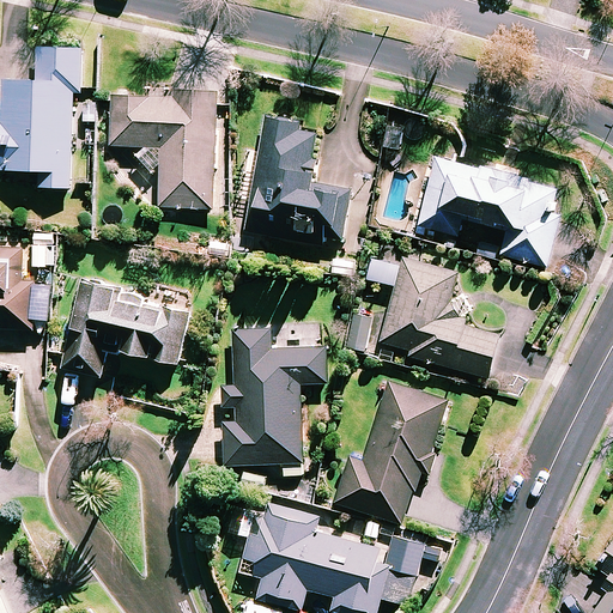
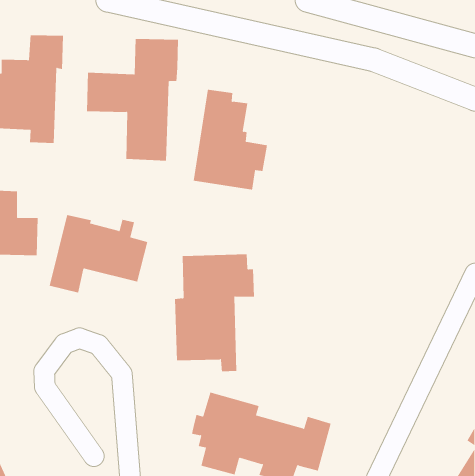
building: [417,158,557,267] -> none
building: [376,257,499,377] -> none
building: [334,383,447,523] -> none

